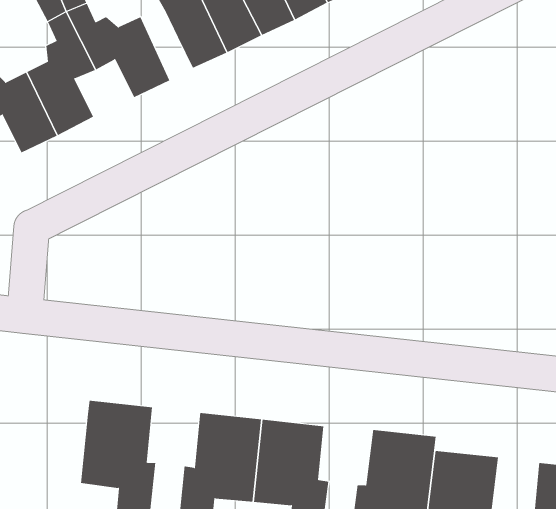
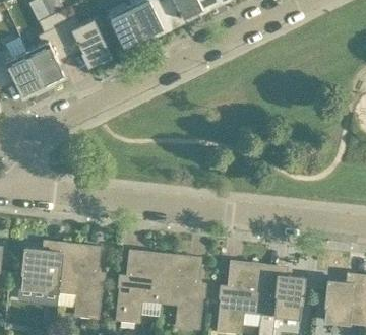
building: none -> [20,248,62,292]

